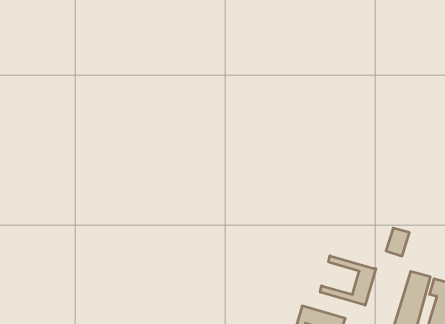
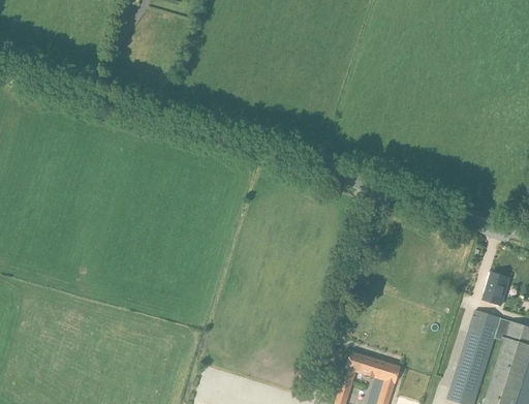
building: [386,228,409,256] -> [484,273,510,305]
building: [320,256,376,305] -> none

